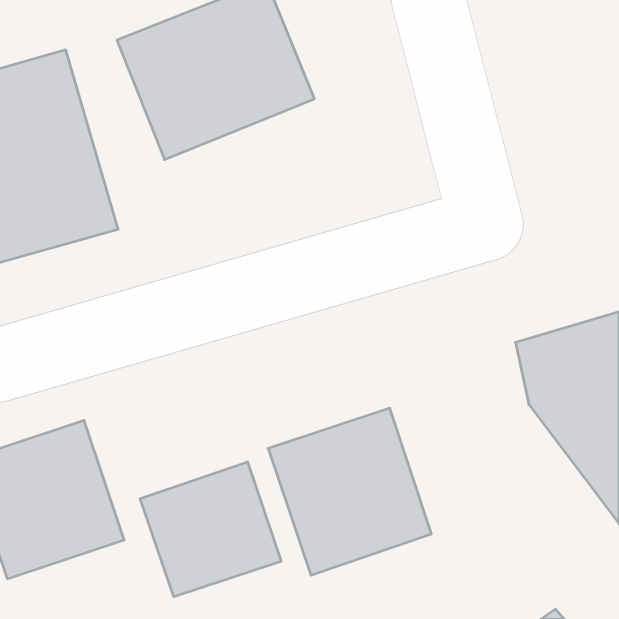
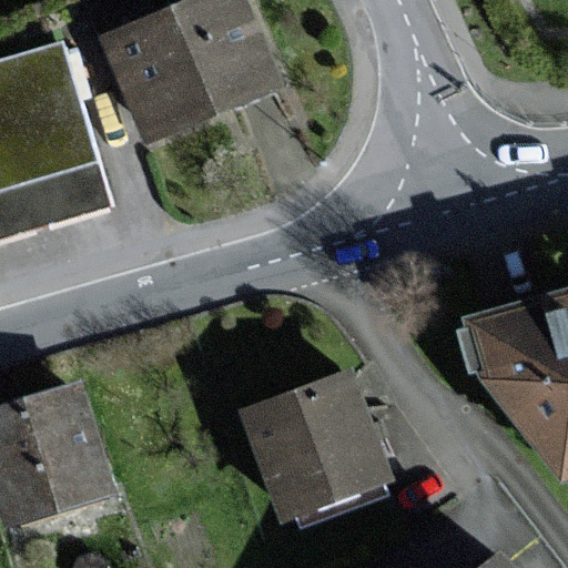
building: [140,462,281,597] -> none

